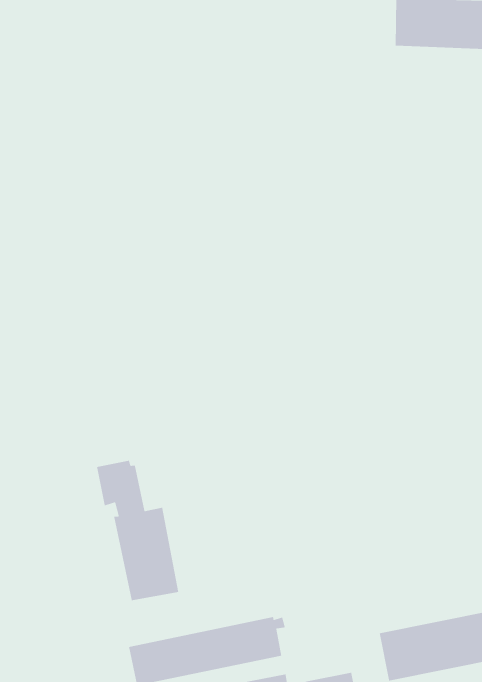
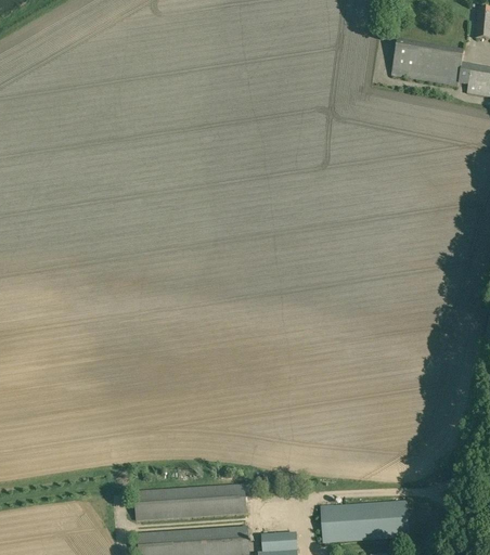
building: [96,460,179,601] -> none

